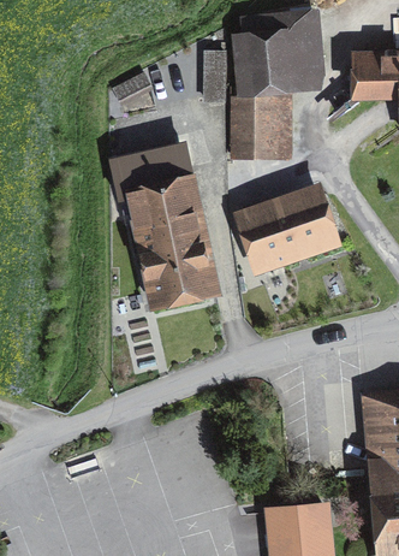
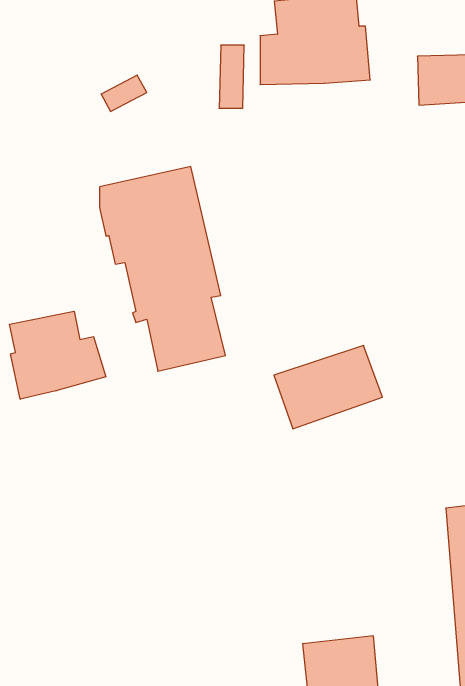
building: [237,82,288,154] -> none
building: [245,199,328,262] -> [274,345,382,429]
building: none -> [10,311,106,399]

